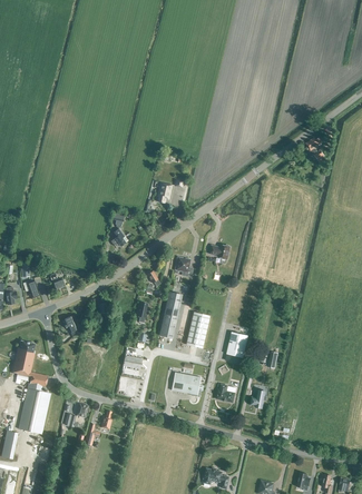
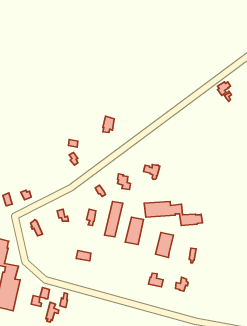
building: none -> [144,201,202,225]
building: [172,372,203,396] -> none

